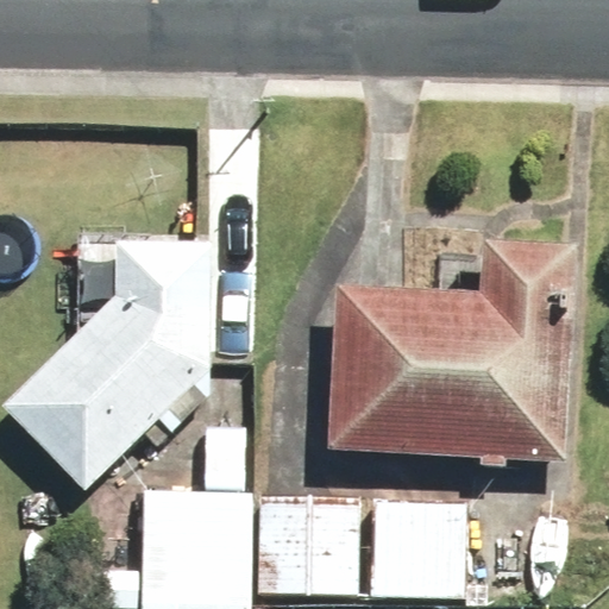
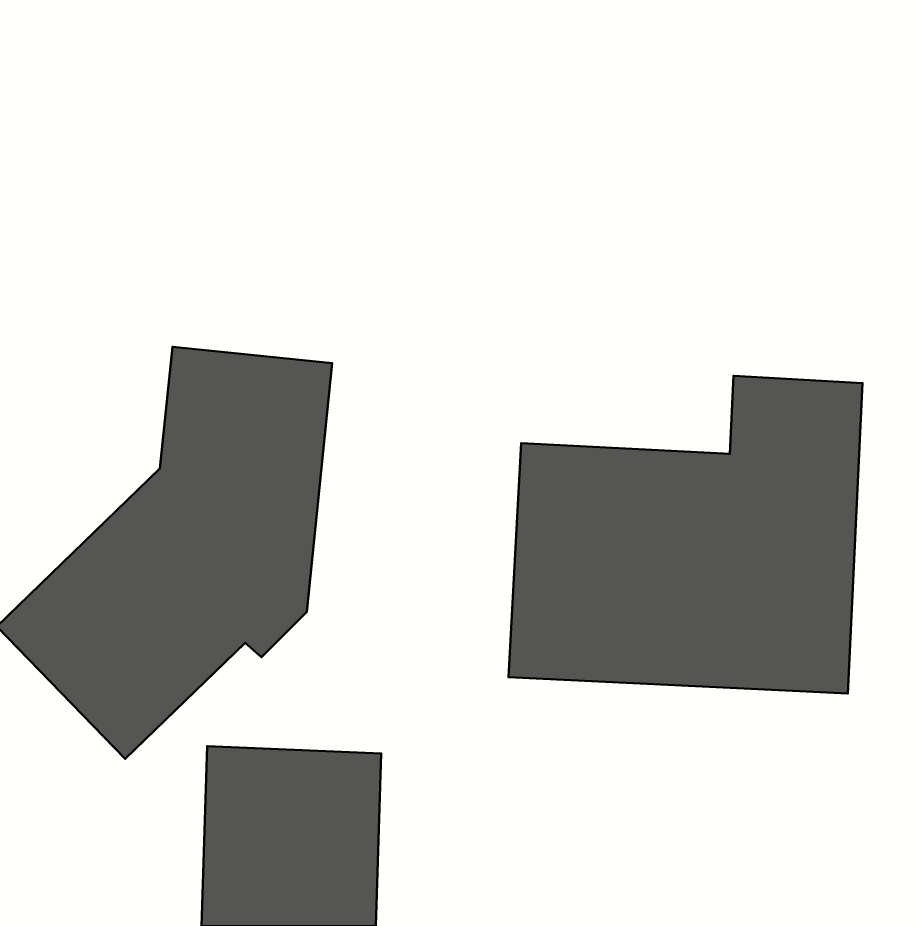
building: [253,496,359,597] -> none
building: [364,500,514,602] -> none

